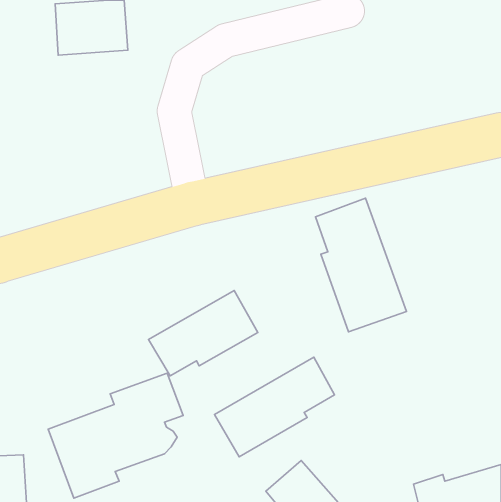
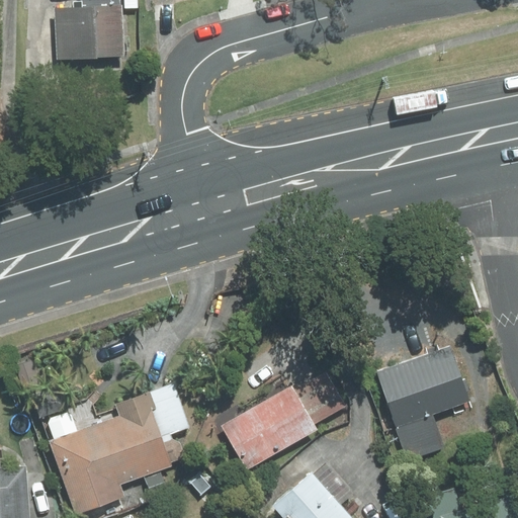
building: [315,198,406,332] -> none
building: [149,291,258,376] -> none
building: none -> [375,345,468,459]

